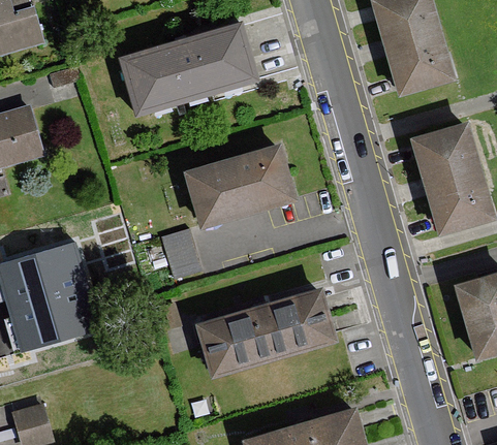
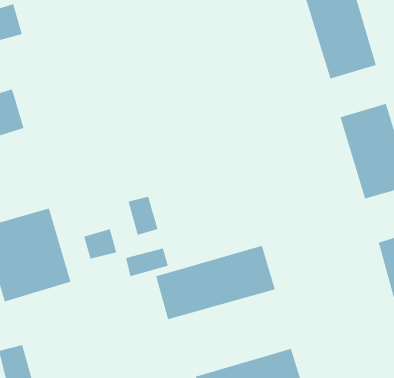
building: [118,22,258,116] -> none
building: [184,144,294,226] -> none
building: none -> [83,228,117,260]
building: none -> [125,247,169,277]

